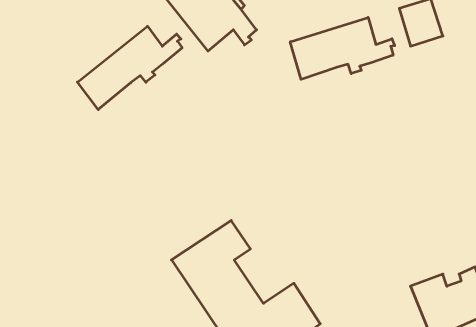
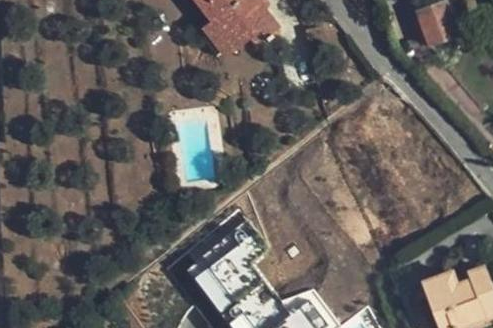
building: [290,17,395,79] -> none
building: [77,26,182,110] -> none

